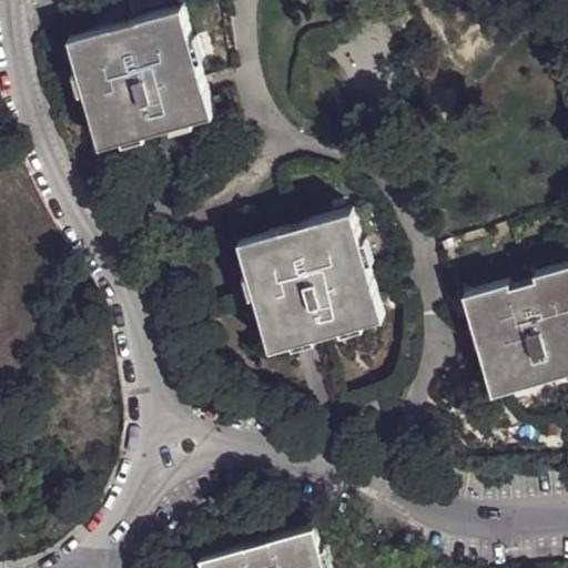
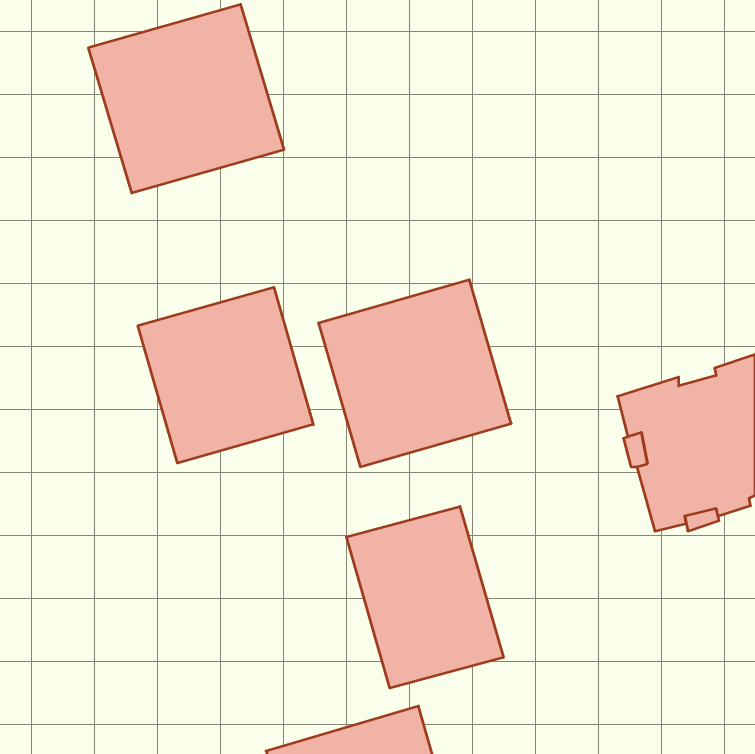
building: none -> [138,287,313,463]
building: none -> [346,506,503,688]

